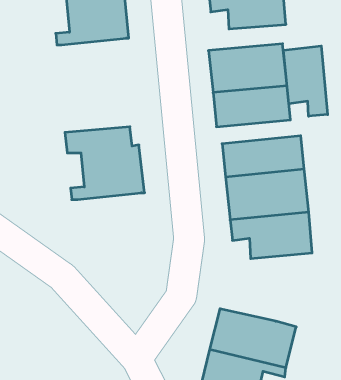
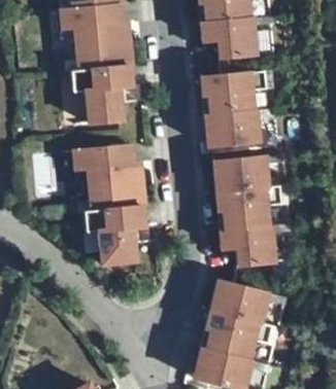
building: none -> [67,66,128,125]
building: [283,46,328,116] -> none
building: none -> [81,206,141,264]
building: none -> [210,280,268,322]

